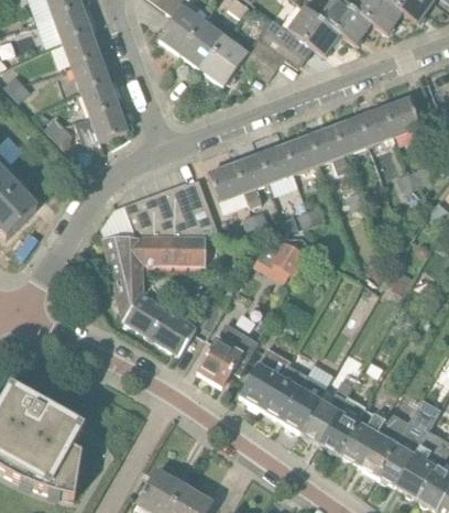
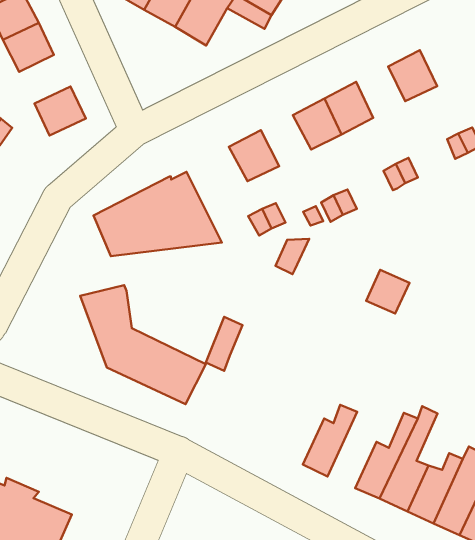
building: [81,80,119,116] -> none
building: [385,98,420,135] -> none
building: [335,117,370,154] -> none
building: [259,145,295,183] -> none
building: [208,164,244,201] -> none
building: [102,236,221,265] -> none
building: [273,240,307,274] -> [366,270,409,314]
building: [197,324,259,386] -> none
building: [240,347,292,410] -> none
building: [281,374,321,432] -> none

